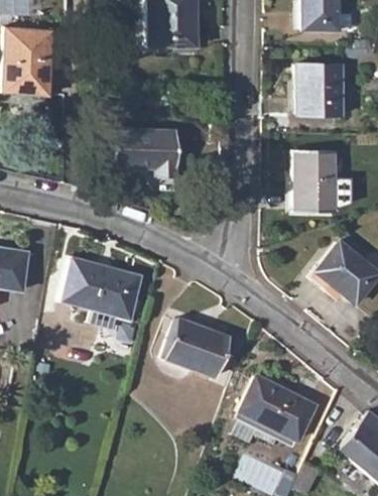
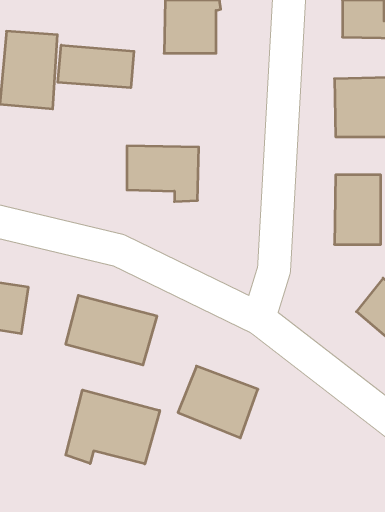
building: none -> [58,45,134,88]
building: none -> [66,390,160,464]
building: [236,373,313,439] -> none

